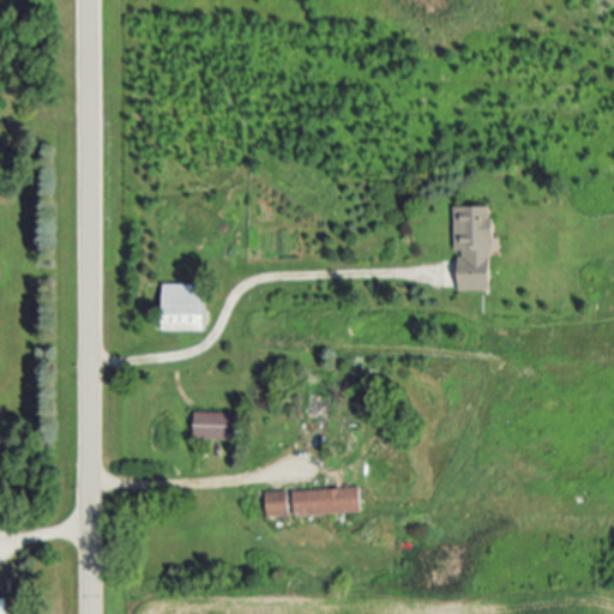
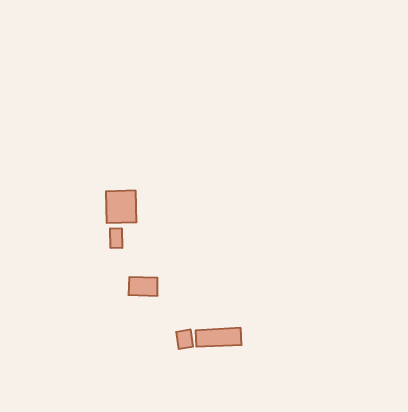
building: [452,206,490,290] -> none
building: none -> [110,228,122,248]

